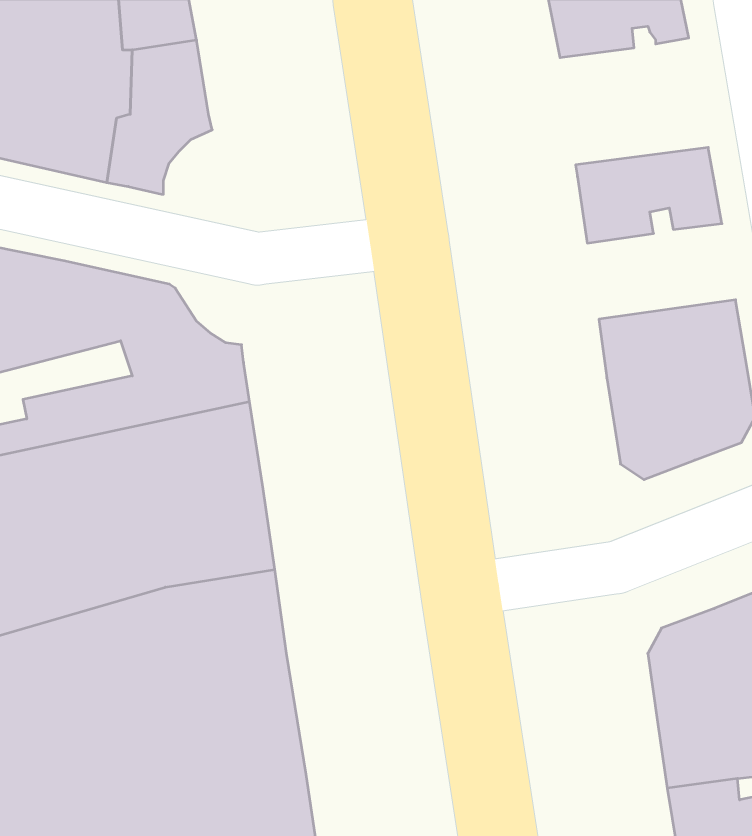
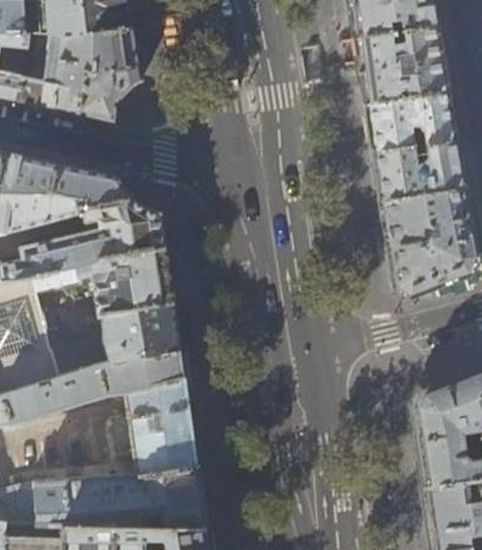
building: none -> [356,27,448,105]
building: none -> [373,141,465,200]

